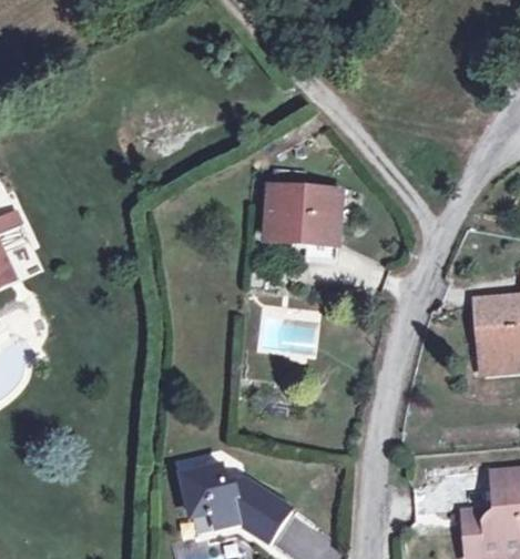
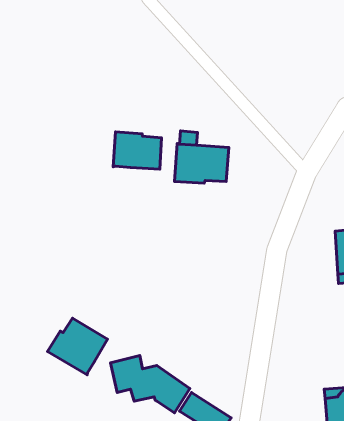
building: none -> [113,132,162,169]
building: none -> [48,318,107,375]

